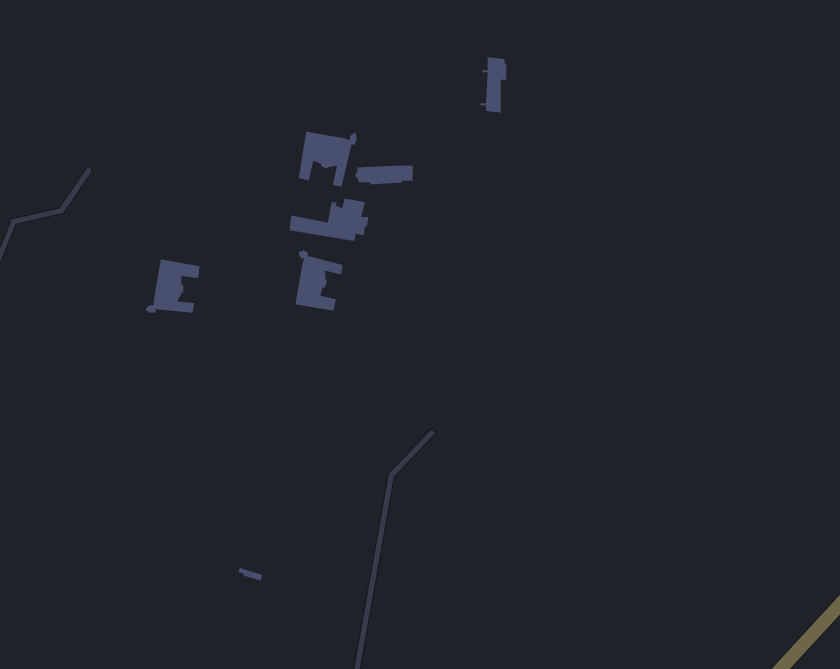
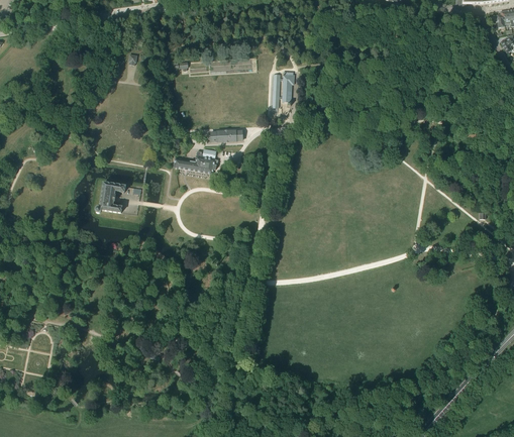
building: [298,131,358,187] -> none
building: [295,250,343,312] -> none

